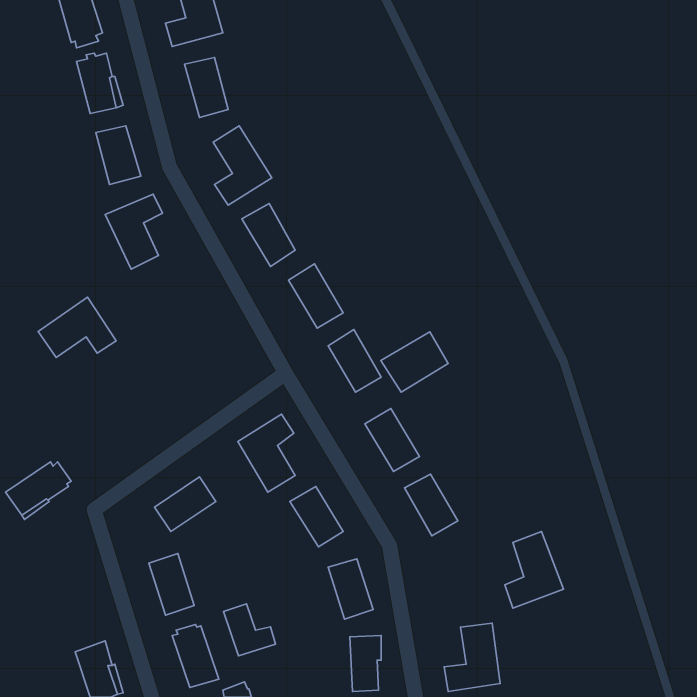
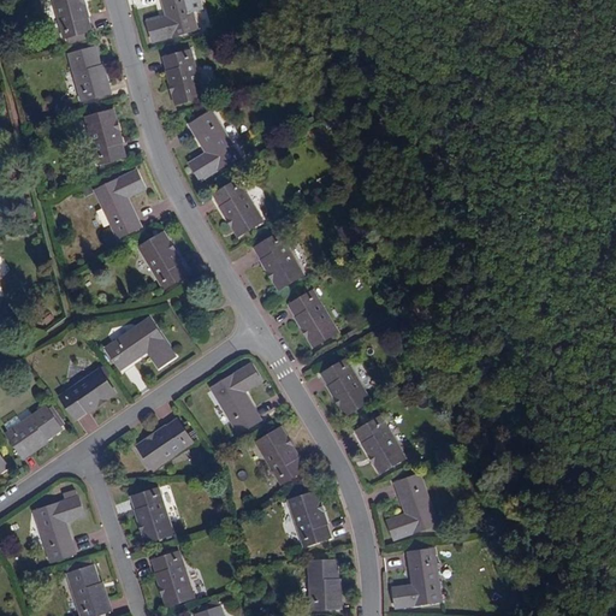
building: none -> [138,232,185,288]
building: [38,297,116,357] -> [105,318,173,371]
building: [381,332,448,392] -> none
building: none -> [59,369,113,420]
building: [505,532,564,608] -> [385,473,437,540]
building: none -> [31,496,83,561]
building: [224,604,276,656] -> none

